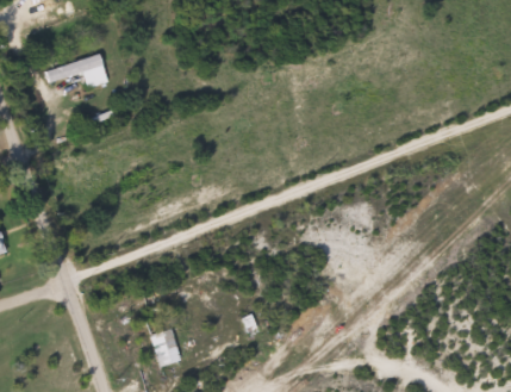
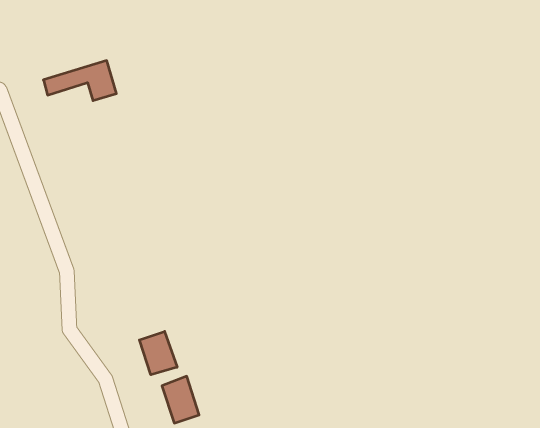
building: none -> [139,331,177,375]

